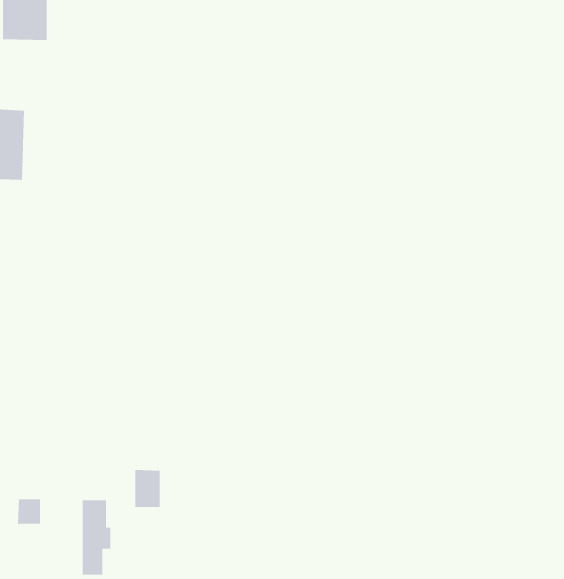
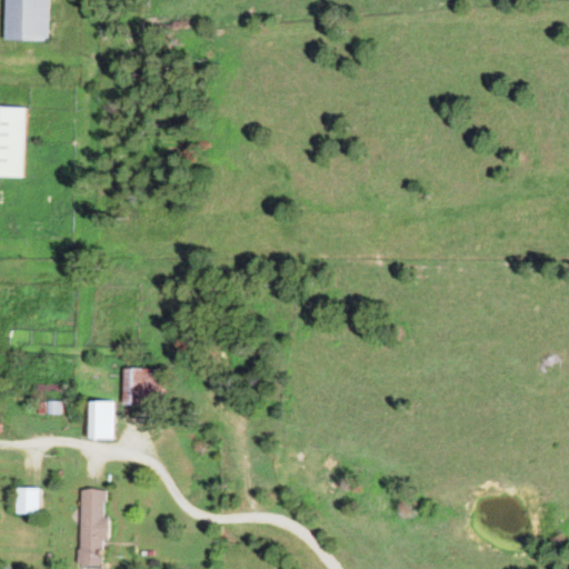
building: none -> [123,368,162,405]
building: [134,469,160,508] -> [88,401,113,439]

